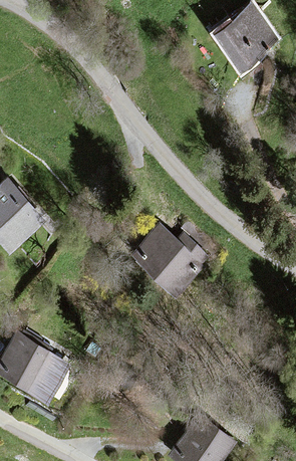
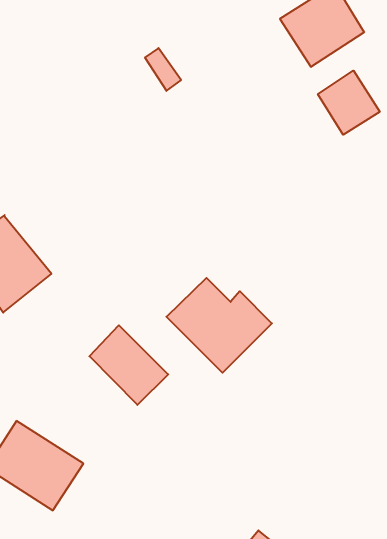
building: none -> [318,71,380,135]
building: none -> [89,325,168,405]

